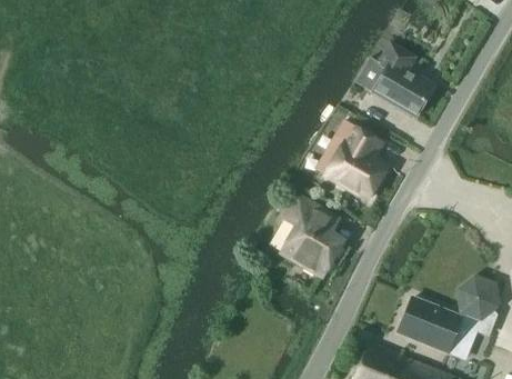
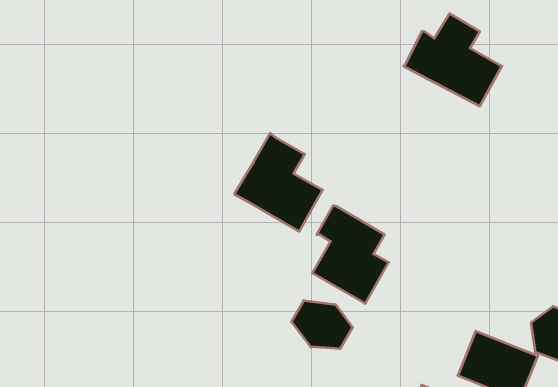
building: [317,119,388,198] -> [234,133,323,231]
building: none -> [291,300,353,349]

